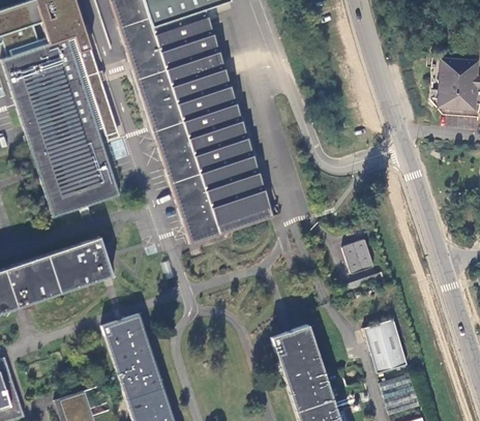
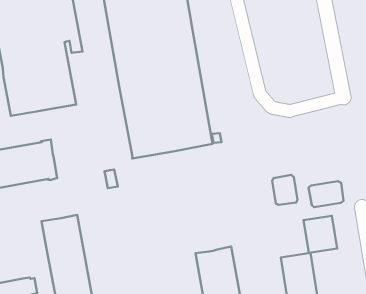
building: none -> [309,181,343,207]
building: none -> [304,216,337,253]

